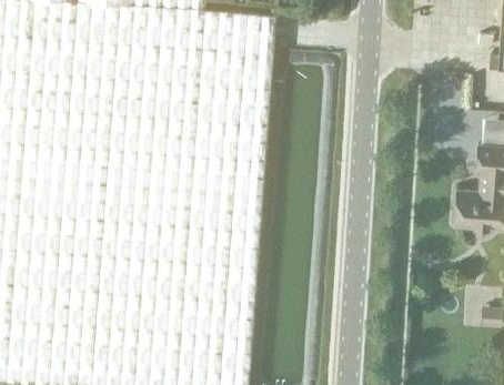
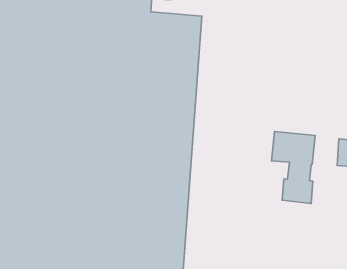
building: none -> [271,131,315,203]

